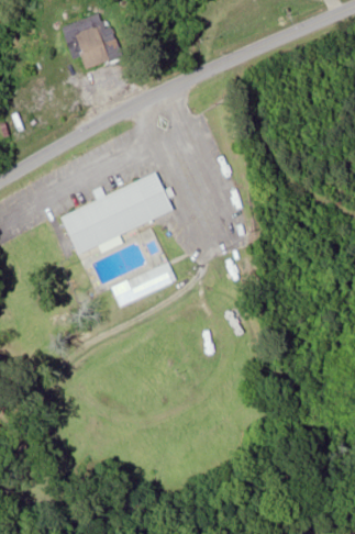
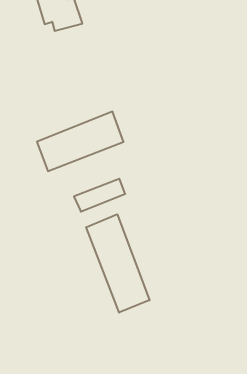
building: none -> [86,214,150,313]

